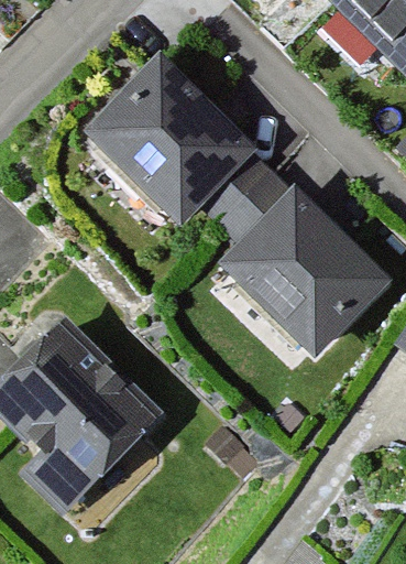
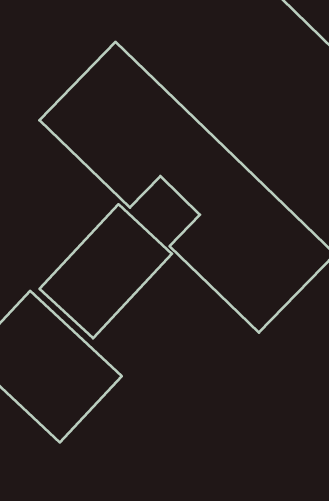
building: none -> [40,204,172,338]

